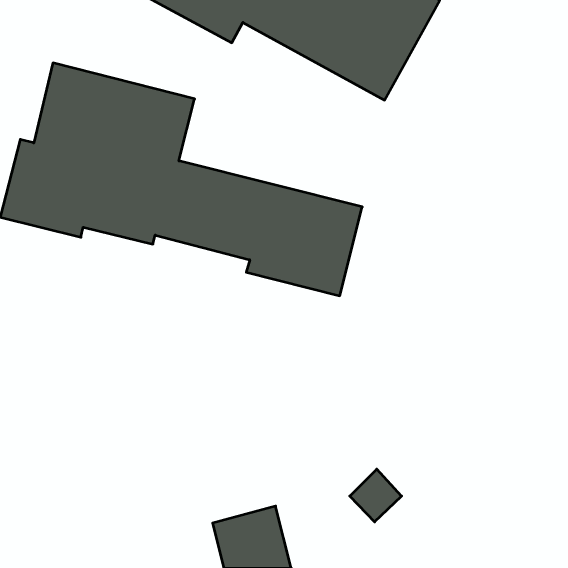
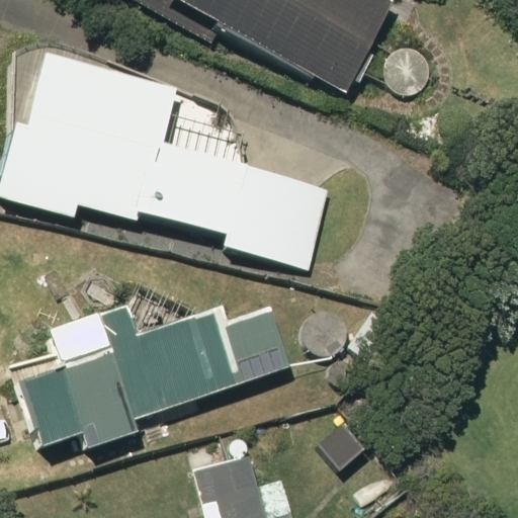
building: none -> [27,293,287,448]

